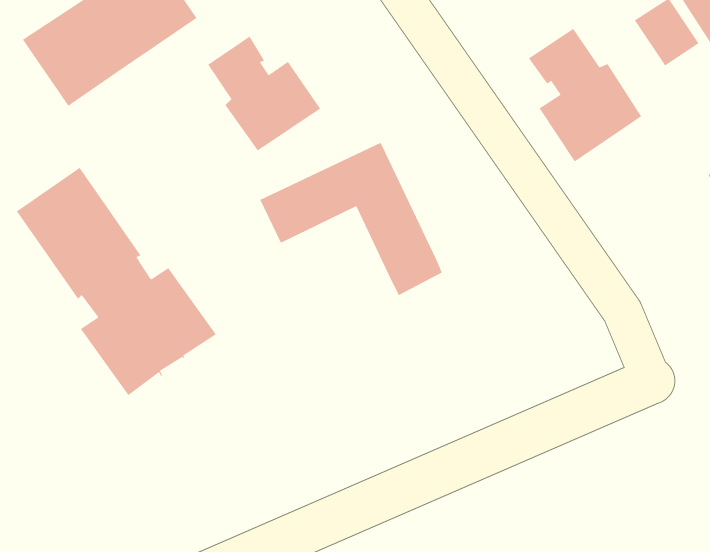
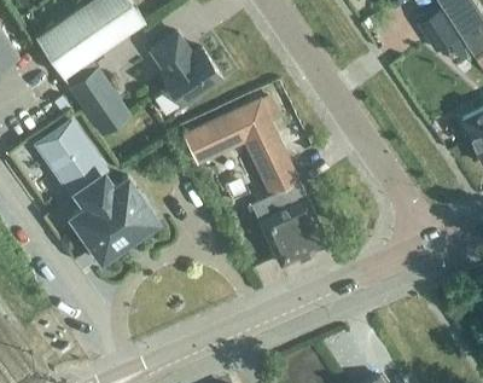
building: [528,28,642,162] -> none
building: none -> [68,66,132,137]
building: none -> [252,182,328,266]

